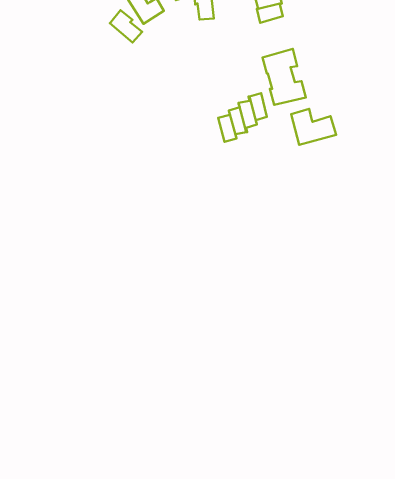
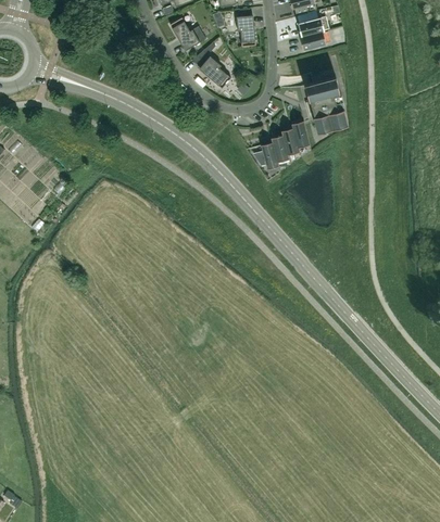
building: [110,10,142,43] -> [199,55,231,88]
building: [291,109,336,145] -> none

